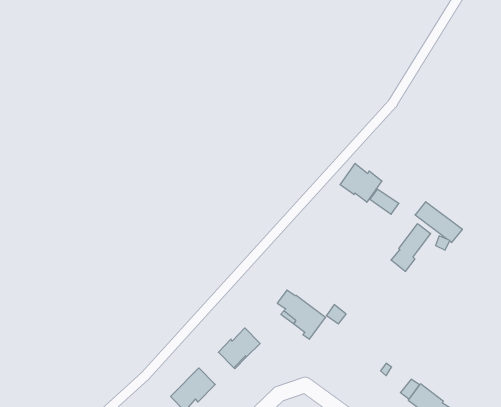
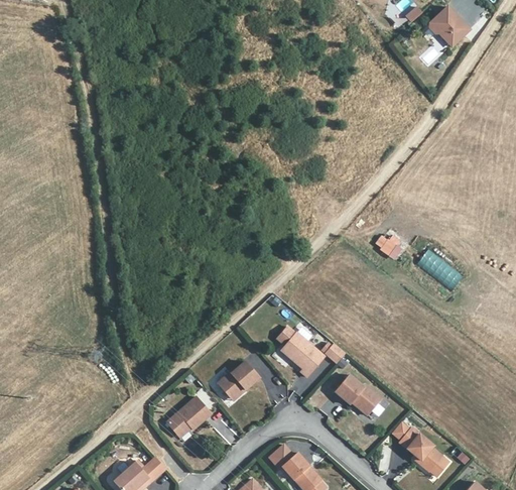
building: [340,163,382,202] -> none
building: [391,224,431,271] -> none
building: none -> [336,374,381,415]

